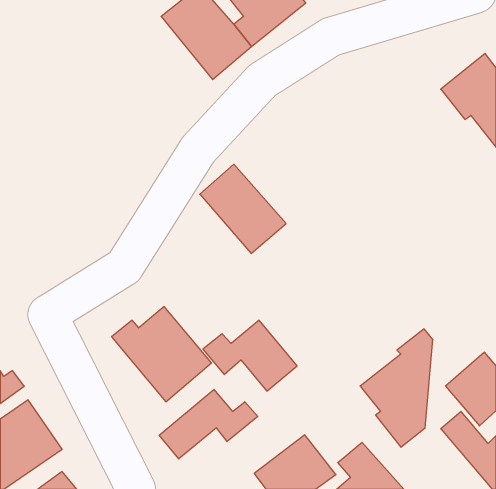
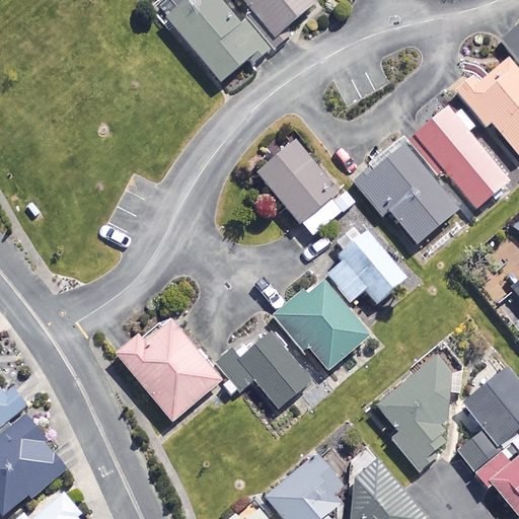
building: none -> [414,109,509,210]
building: none -> [360,145,458,243]
building: [200,164,286,253] -> [258,142,349,235]
building: none -> [324,231,406,302]
building: none -> [274,278,368,369]
building: [159,389,258,459] -> none

